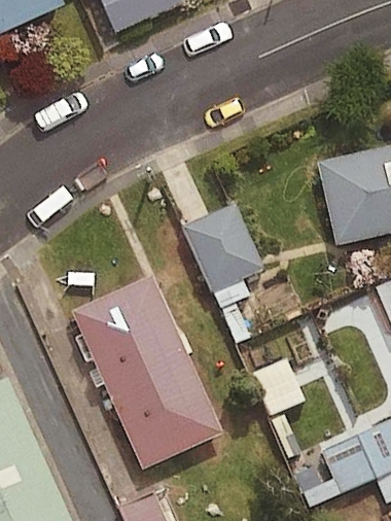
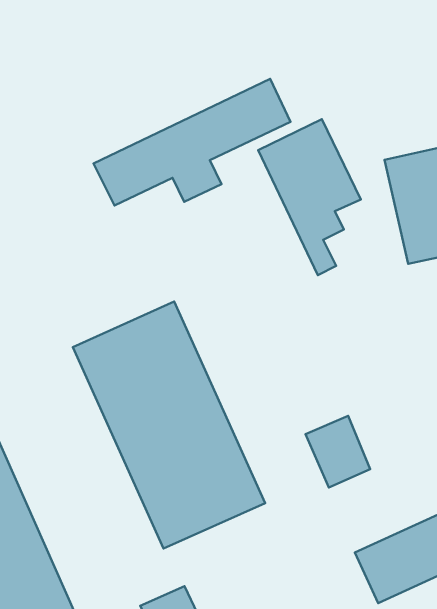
building: none -> [93,79,291,206]
building: [185,211,266,335] -> [258,119,361,275]

